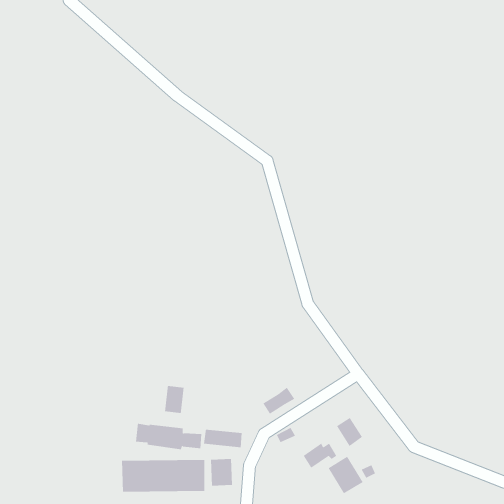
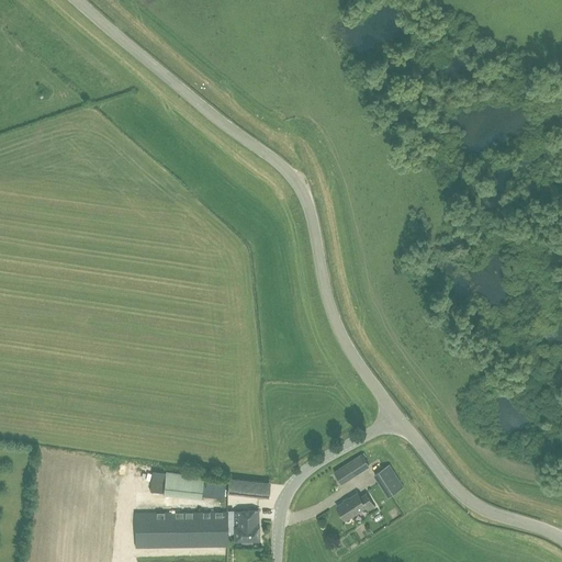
building: [165,385,184,414] -> none
building: [262,387,295,414] -> [334,453,370,484]
building: [328,456,364,494] -> none

